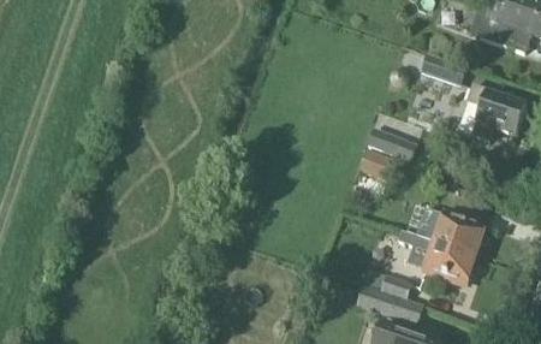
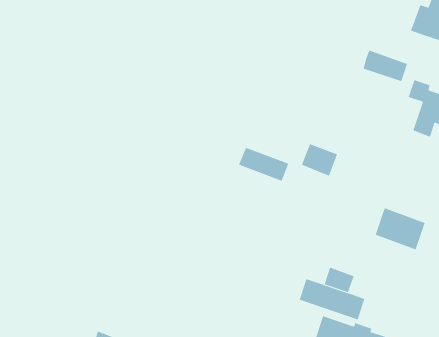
building: [367,126,418,161] -> [238,147,289,181]
building: [398,229,475,283] -> none

